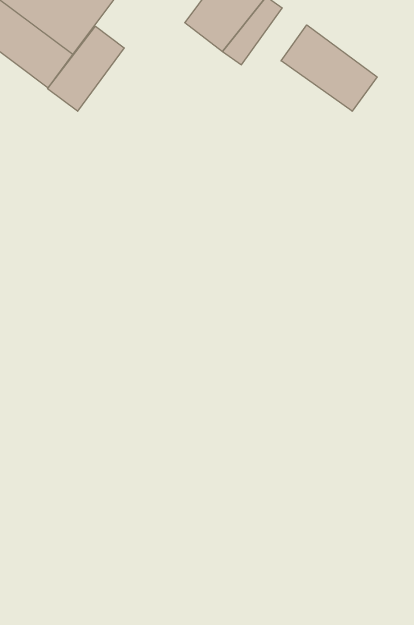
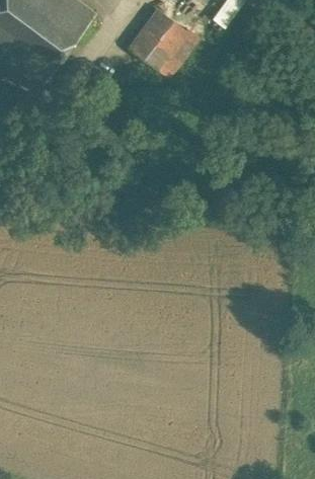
building: [281,25,377,111] -> none
building: [48,26,124,111] -> none

